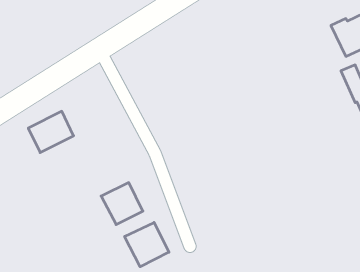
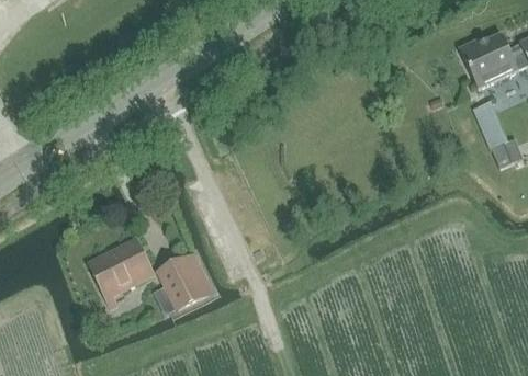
building: [28,111,74,153] -> [90,239,149,293]
building: [125,222,169,267] -> none

